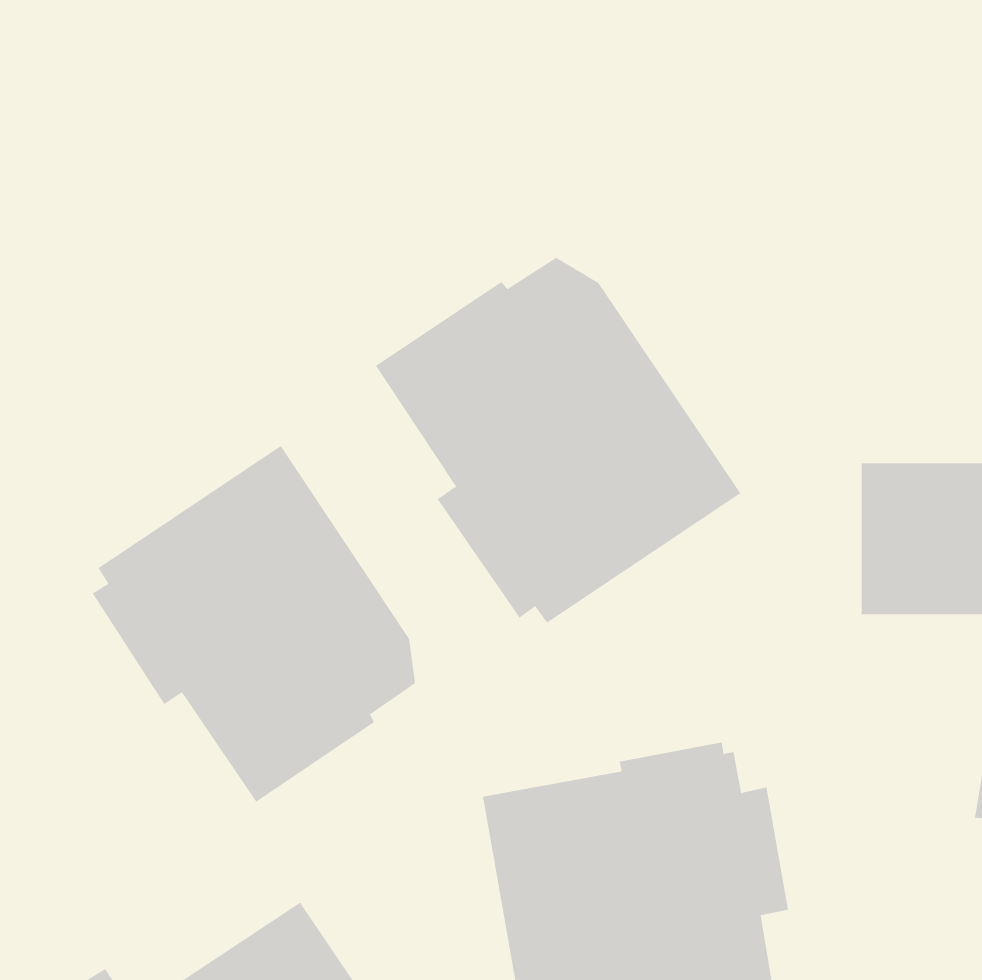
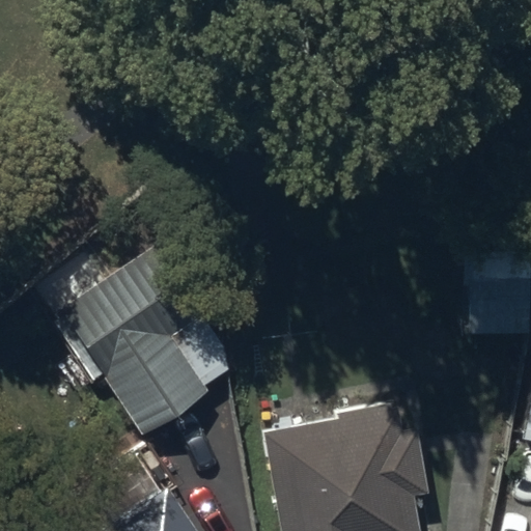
building: [375,257,741,624] -> none

